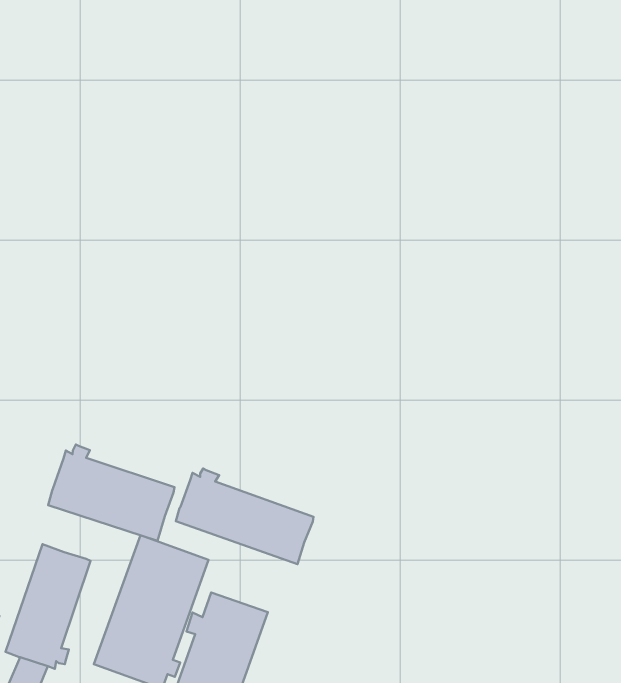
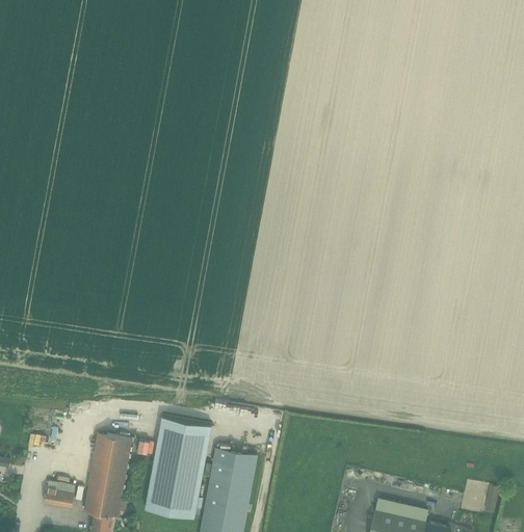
building: [48,444,175,541] -> none
building: [176,468,313,564] -> none

